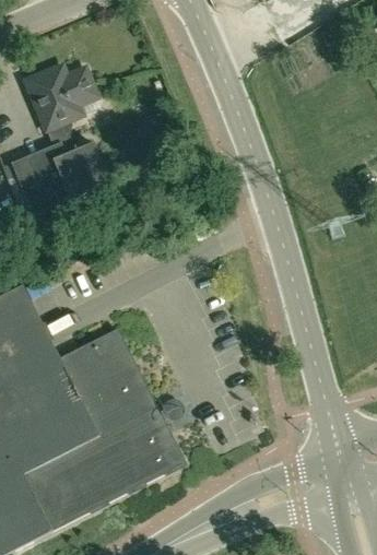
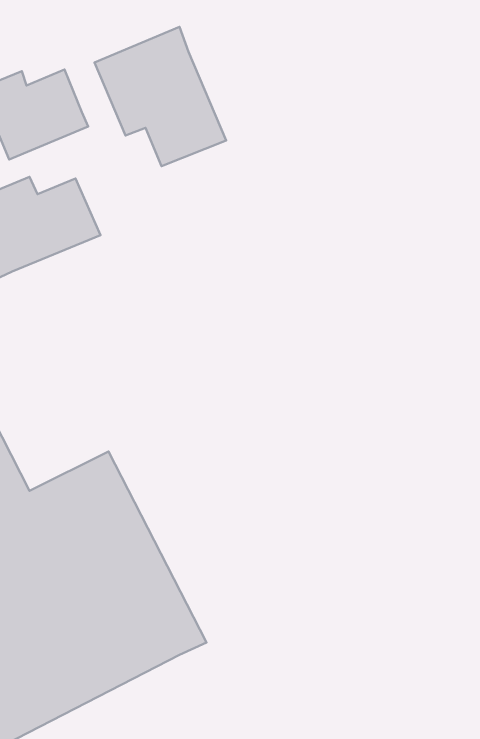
building: none -> [94,27,226,166]

